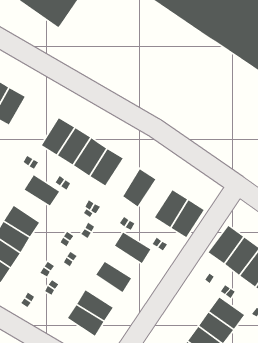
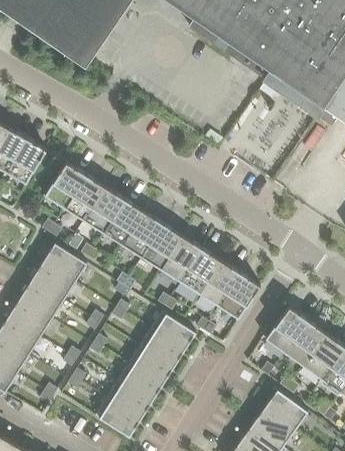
building: none -> [43,161,84,208]
building: none -> [140,223,181,269]
building: none -> [179,248,220,294]
building: none -> [30,261,74,300]
building: none -> [139,328,184,367]
building: none -> [116,363,161,402]

